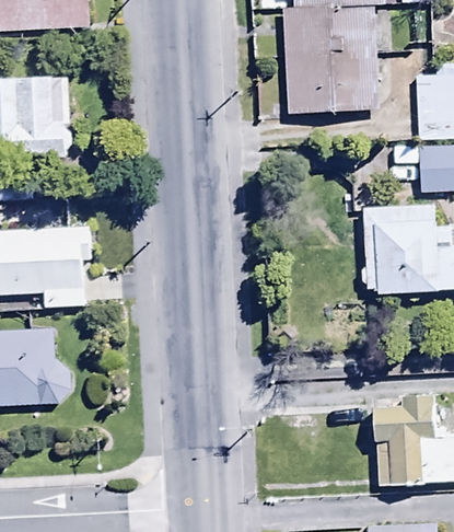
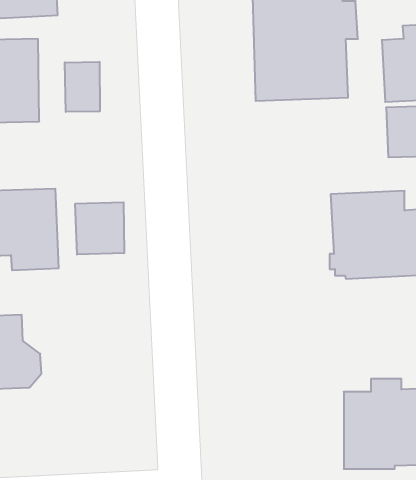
building: none -> [65,62,100,112]
building: none -> [75,202,124,255]

